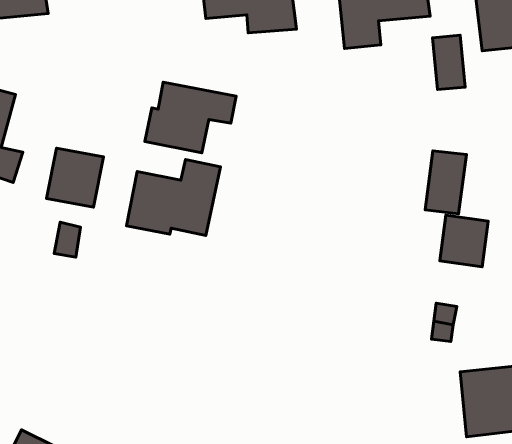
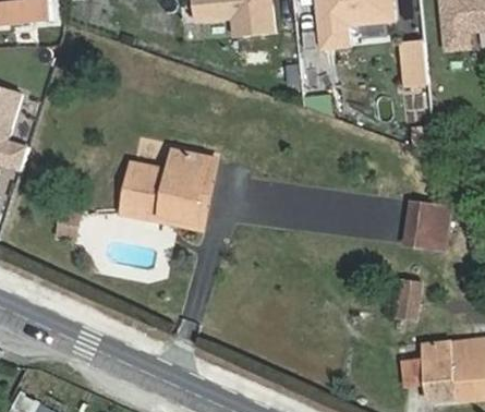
building: [145,82,236,153] -> none
building: [47,148,103,207] -> none
building: [425,151,466,214] -> none

